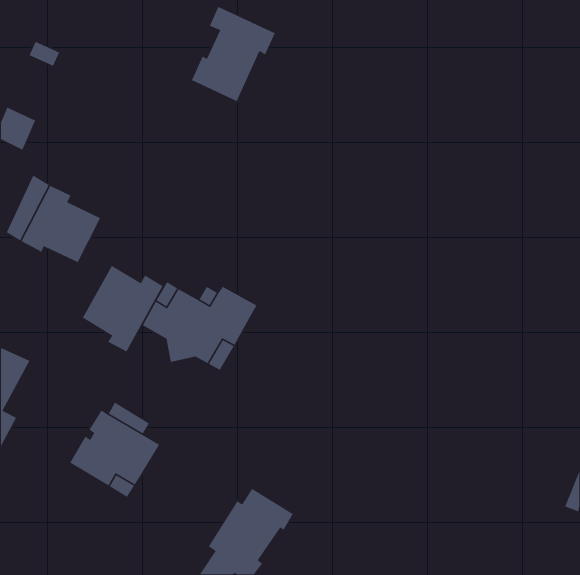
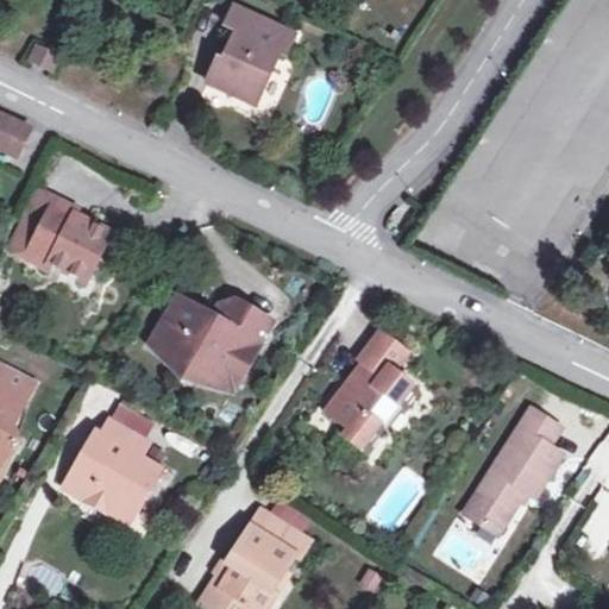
building: [82,265,164,353] -> none
building: none -> [321,328,417,451]
building: none -> [463,406,561,533]

